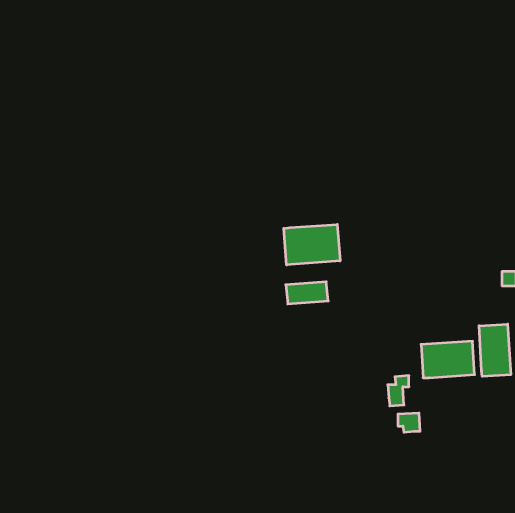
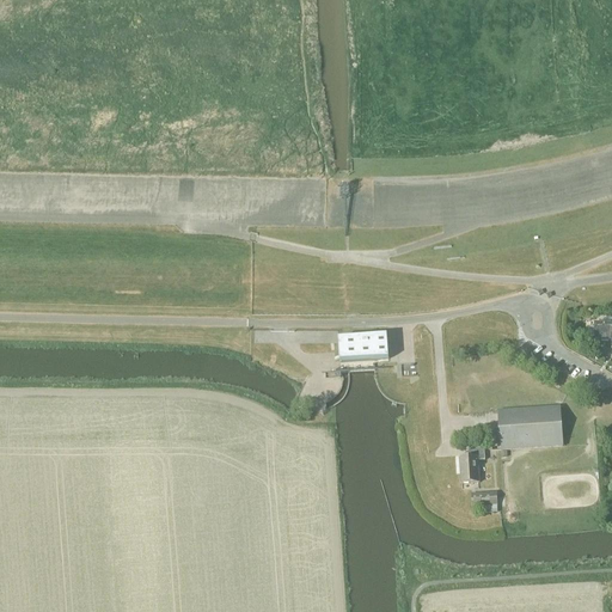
building: [284,224,340,265] -> none
building: [479,324,511,376] -> none

